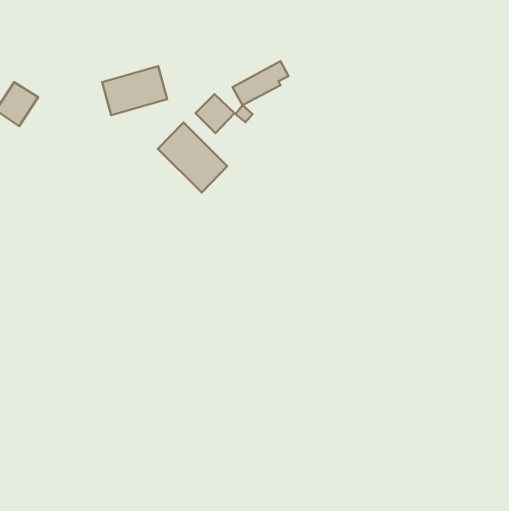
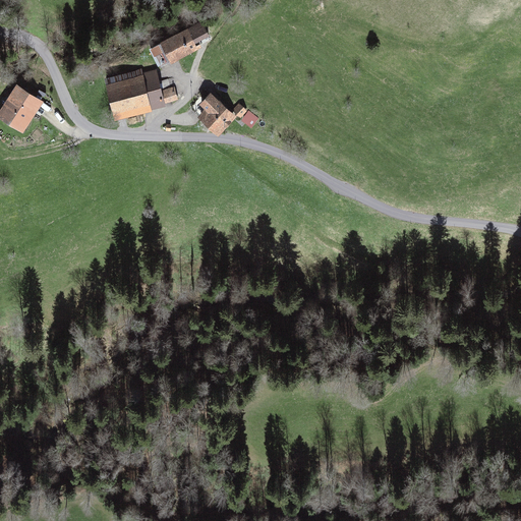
building: [232,61,289,105] -> [149,23,206,68]
building: [158,122,227,193] -> none

